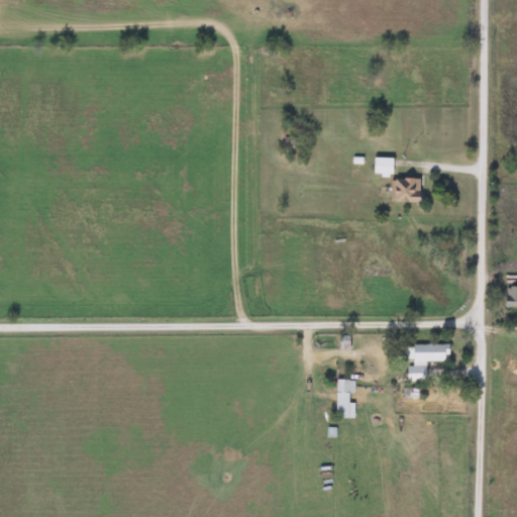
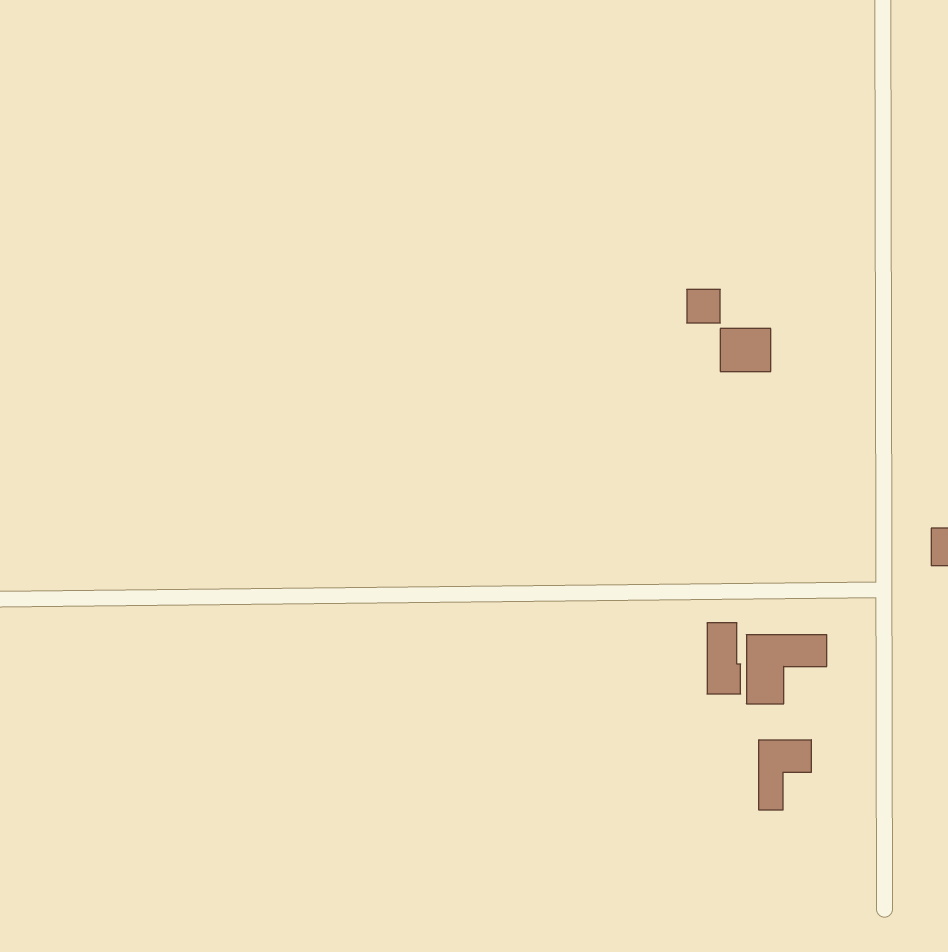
building: [337,378,355,416] -> [707,623,741,694]
building: none -> [759,740,811,810]

